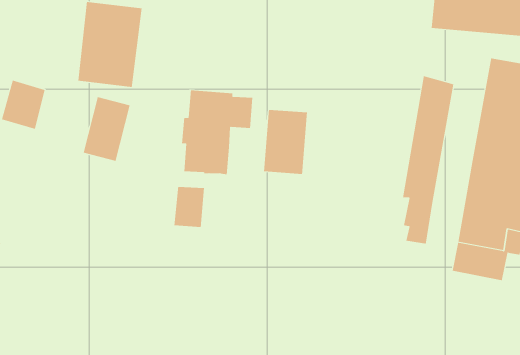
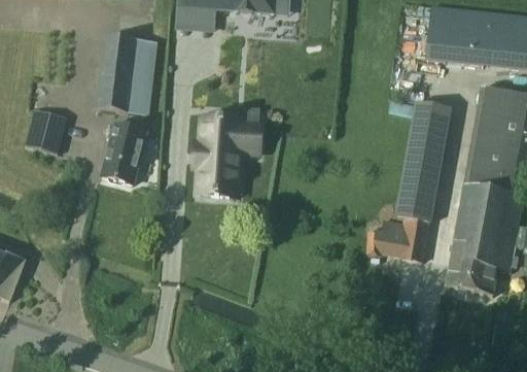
building: [263,109,308,175] -> none
building: [174,186,205,228] -> none
building: none -> [366,217,406,258]

